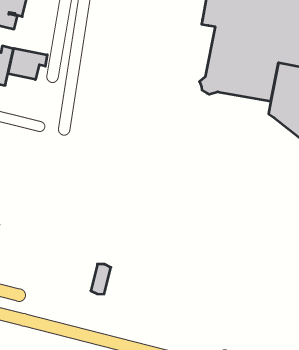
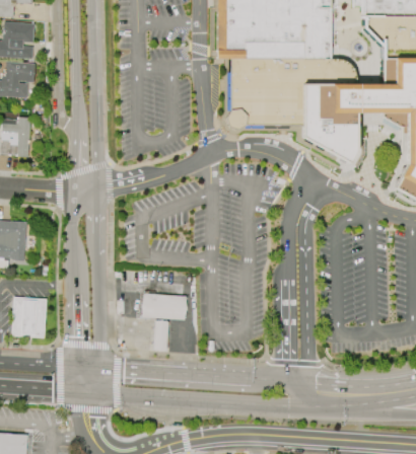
building: [8,48,47,80] -> none
building: none -> [142,294,186,319]

